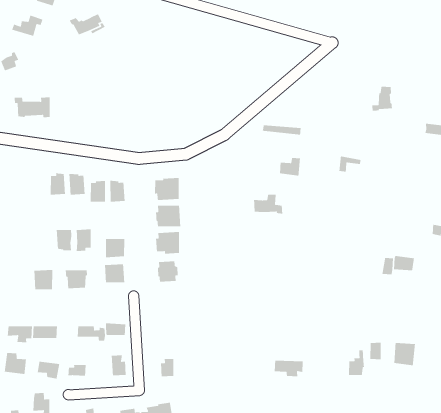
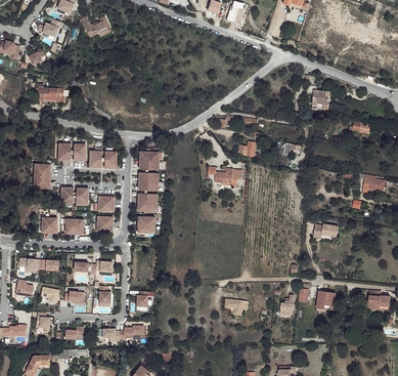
building: none -> [34,164,51,189]

